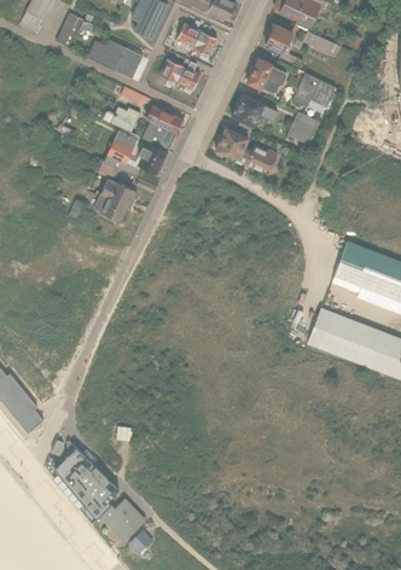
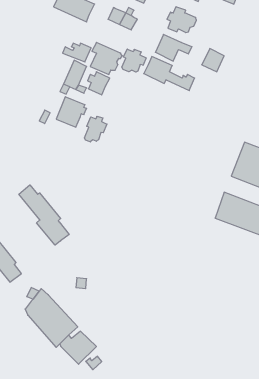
building: [296,76,335,109] -> none
building: none -> [122,49,146,72]
building: none -> [85,116,107,142]
building: none -> [19,185,69,245]

